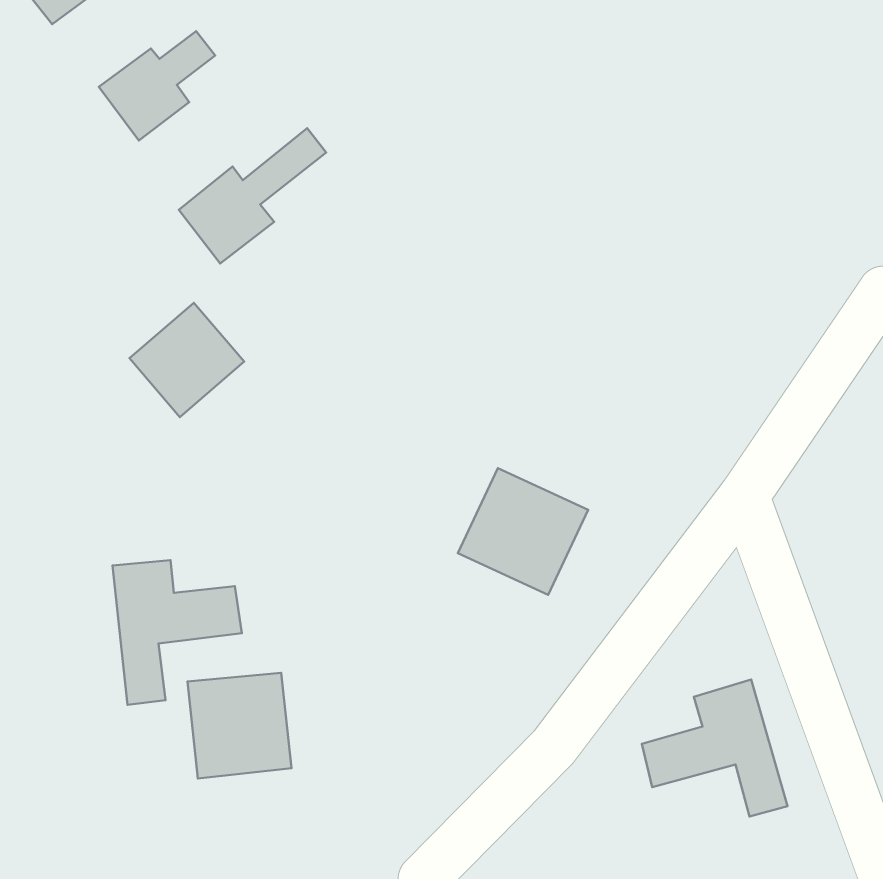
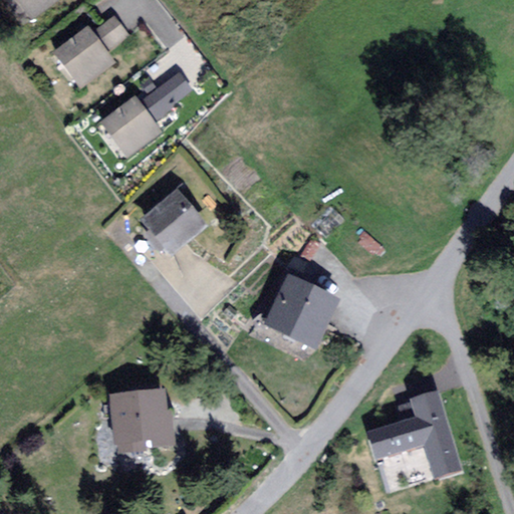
building: [130,303,244,417] -> [142,189,208,255]
building: [113,560,242,705] -> none

